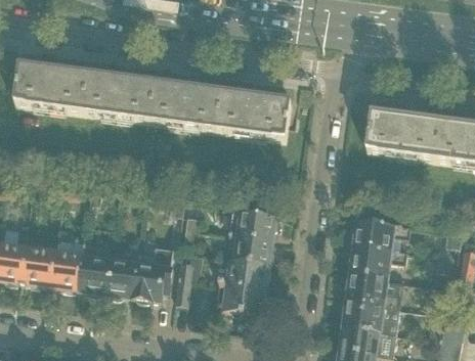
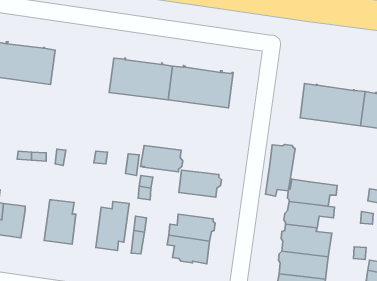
building: [84,72,156,120] -> none
building: none -> [265,144,295,196]
building: [225,233,273,263] -> [140,146,183,172]
building: [50,235,84,287] -> none
building: [109,249,141,296] -> none

